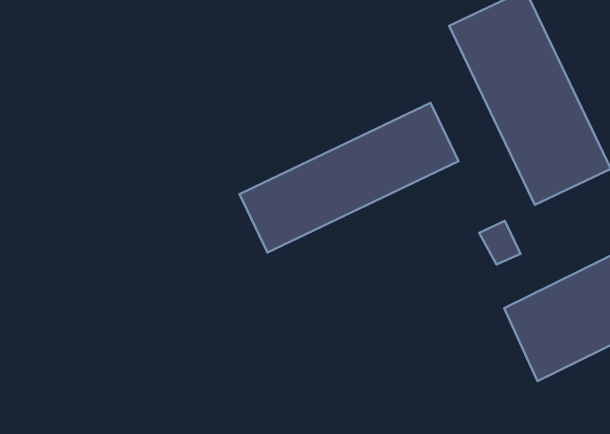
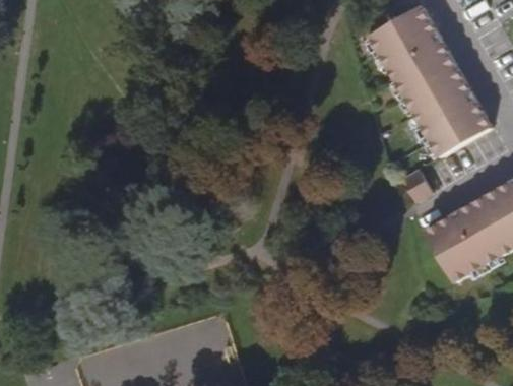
building: [239,103,459,252] -> none

